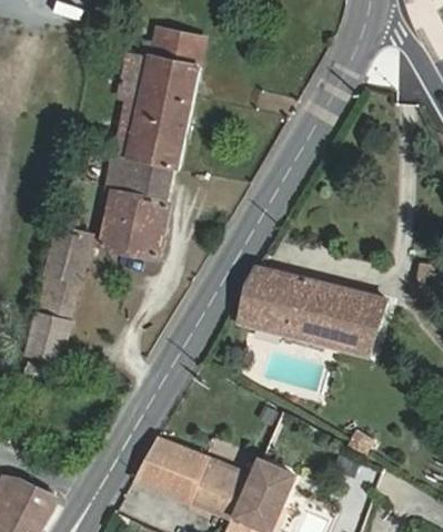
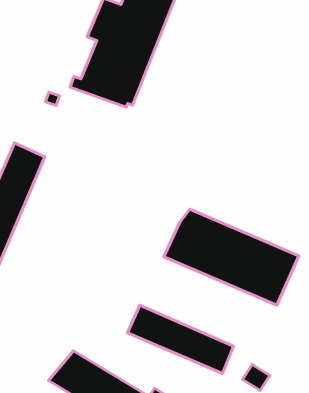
building: [99,155,173,260] -> none
building: none -> [128,305,234,373]

